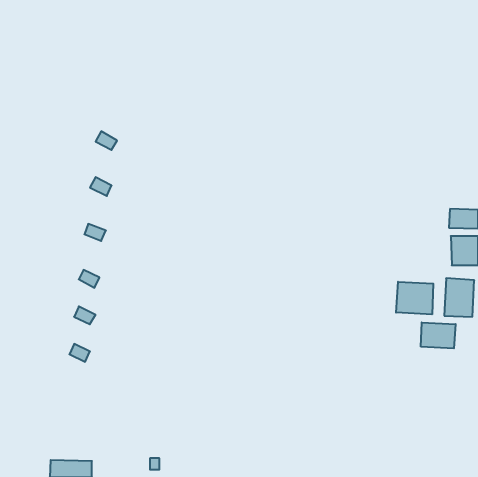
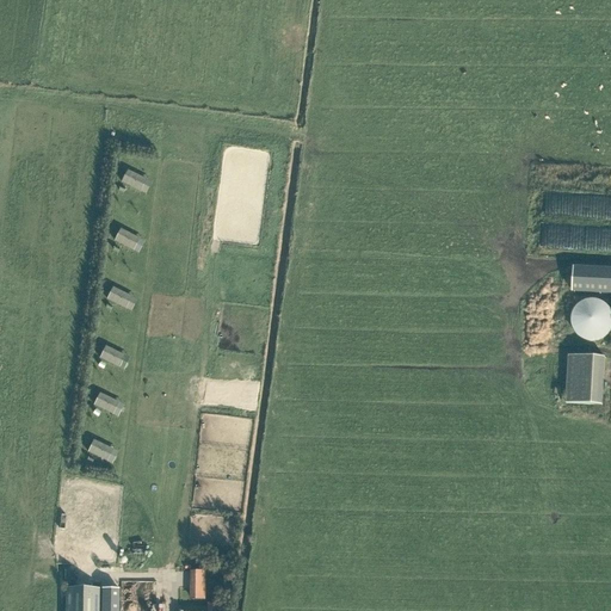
building: [396,282,433,314] -> none
building: [421,322,456,348] -> none

